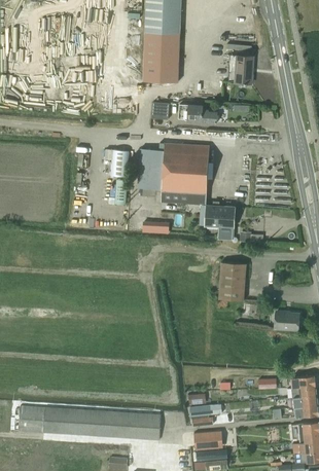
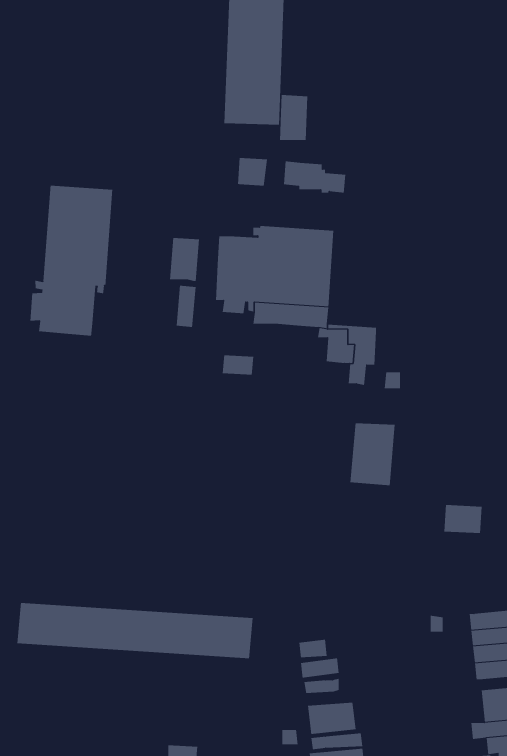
building: [235,56,252,83] -> [279,94,308,140]
building: none -> [30,185,113,336]
building: [19,406,162,440] -> [17,603,253,659]

